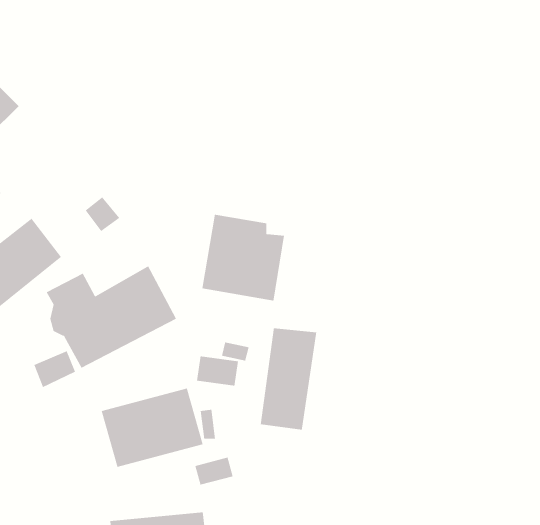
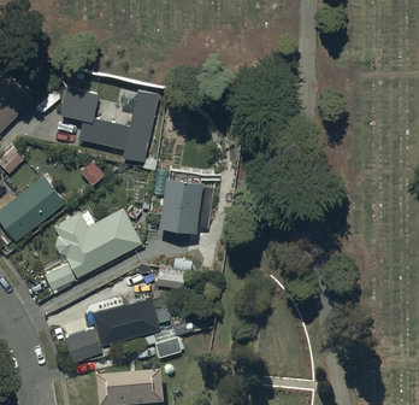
building: none -> [60,87,158,159]
building: [260,327,317,430] -> none
building: none -> [64,328,100,362]

